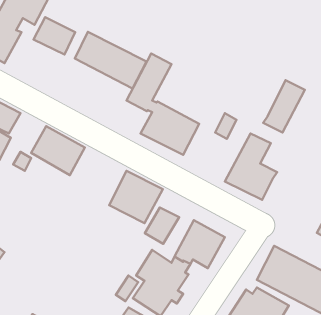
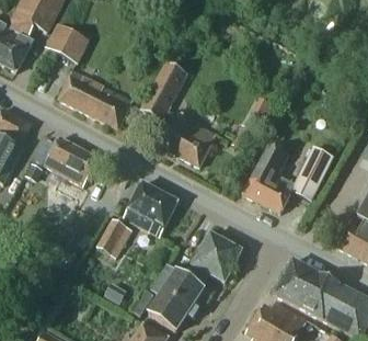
building: [75,32,147,88] -> [58,70,131,128]
building: [263,80,305,132] -> [290,146,333,200]
building: [145,207,179,244] -> [96,219,131,257]

